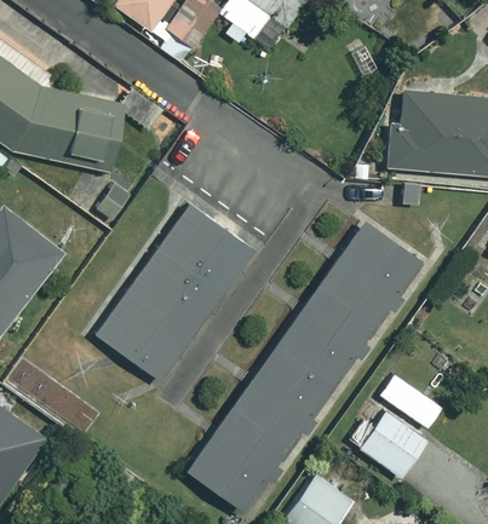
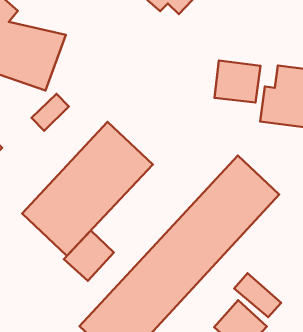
building: none -> [215,61,260,102]
building: none -> [64,231,114,281]

